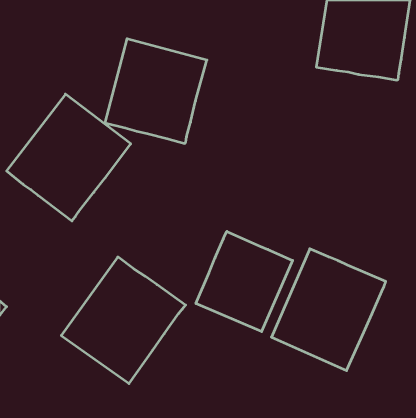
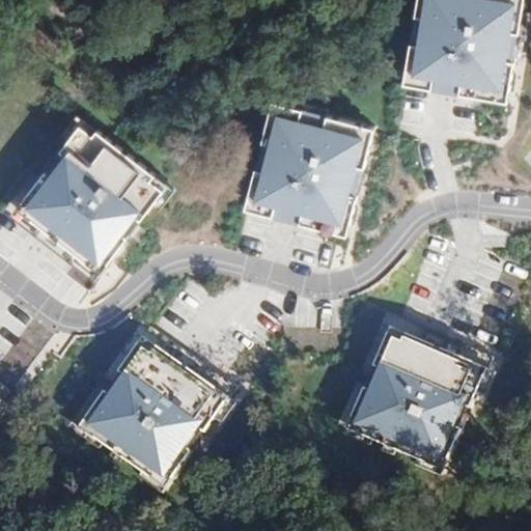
building: [105,39,207,143] -> [243,102,372,234]
building: [196,231,293,332] -> none

